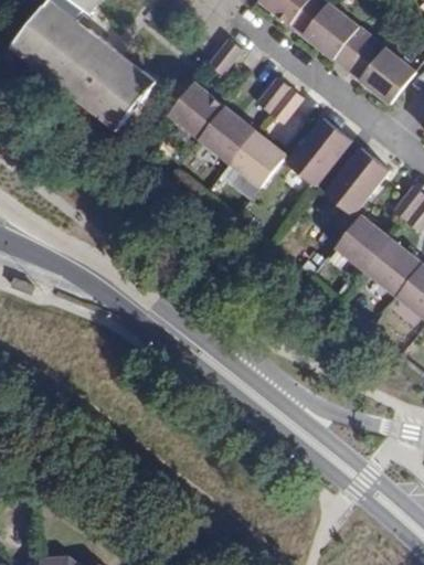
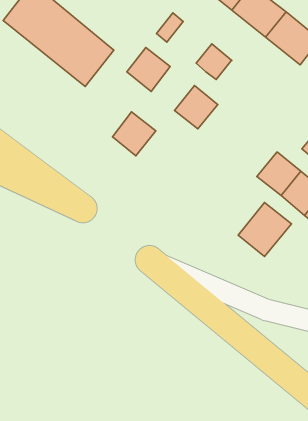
building: [200,106,255,162] -> [113,112,156,156]
building: [286,117,351,184] -> none
building: [325,147,388,213] -> none
building: none -> [238,203,292,256]

